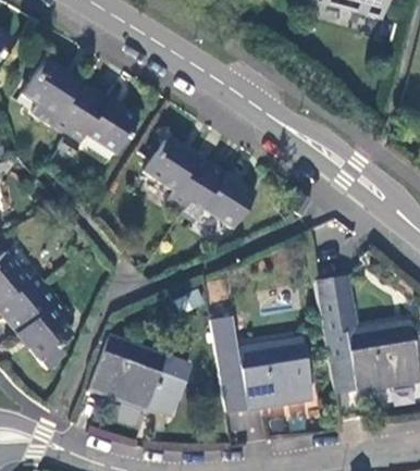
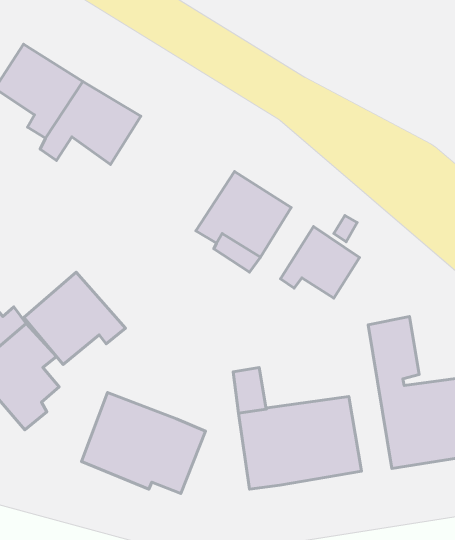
building: [144,136,211,209] -> none
building: none -> [280,227,360,298]
building: none -> [24,272,125,365]

